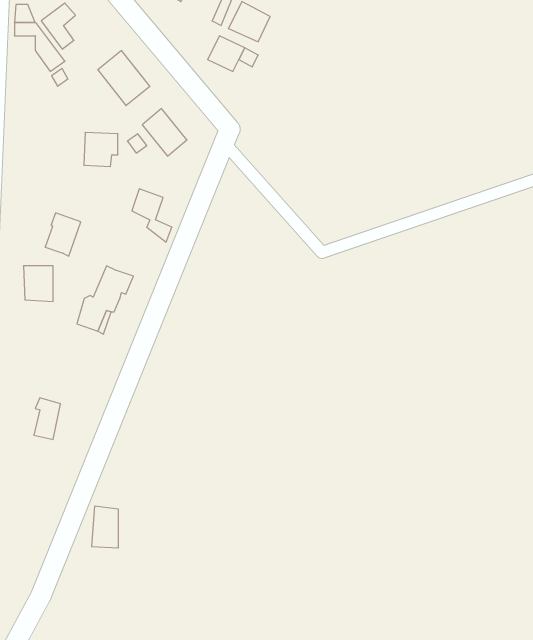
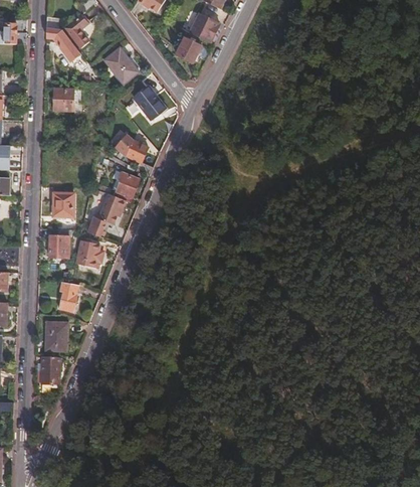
building: [84,132,118,167] -> [54,89,77,112]
building: [45,213,81,256] -> [115,173,139,202]
building: none -> [49,229,72,258]
building: none -> [75,239,103,267]
building: none -> [45,321,68,351]
building: [92,506,118,548] -> [42,355,60,383]

